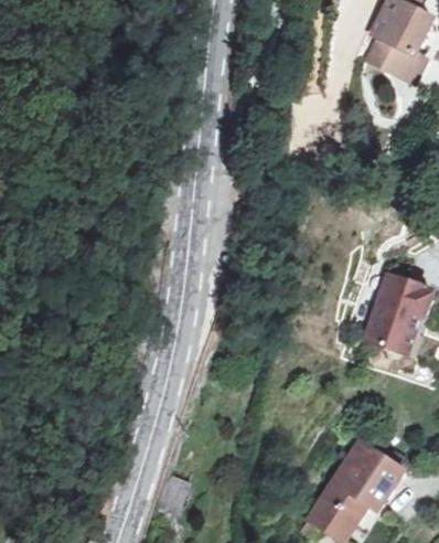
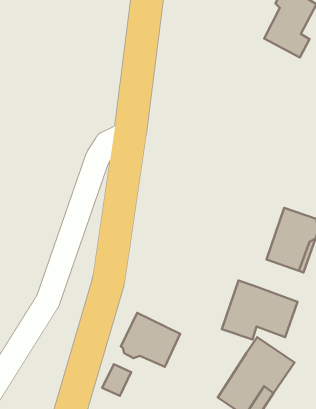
building: none -> [222,280,297,339]
building: none -> [121,313,180,367]

